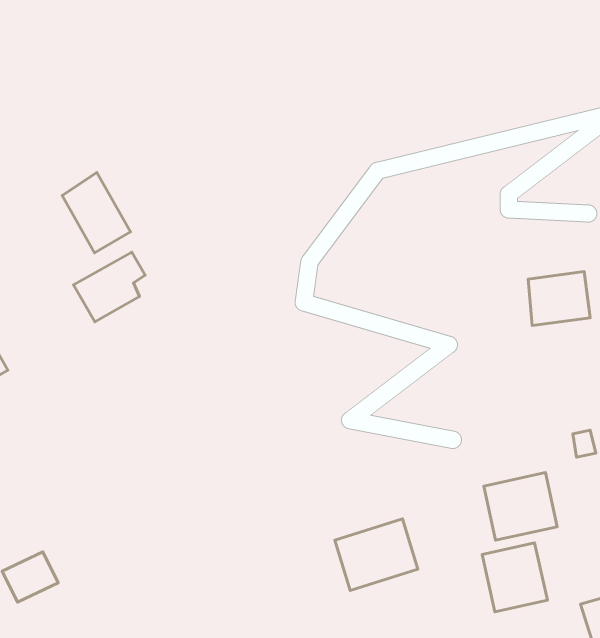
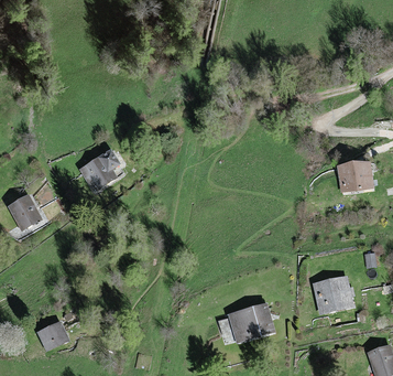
building: [62,173,130,253] -> none
building: [482,543,547,612] -> none

